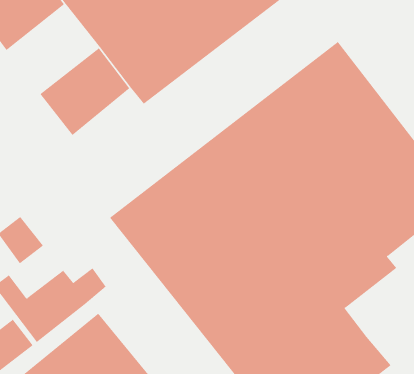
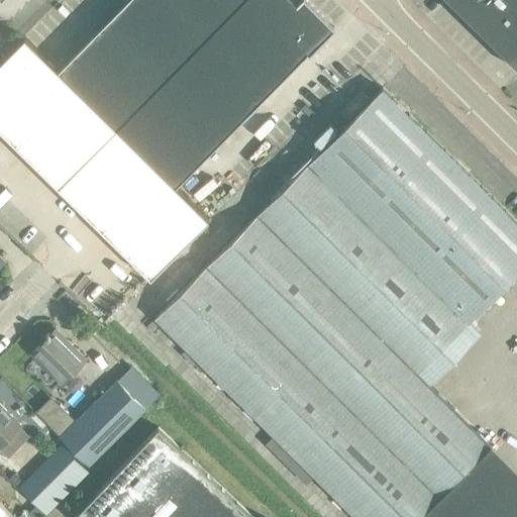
building: none -> [14,90,117,194]
building: none -> [100,174,208,283]

